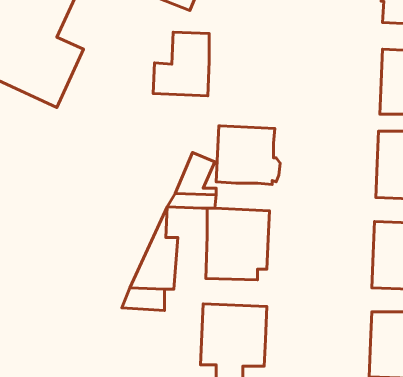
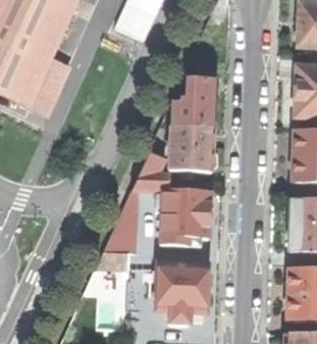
building: [153,32,209,96] -> [171,81,214,130]

